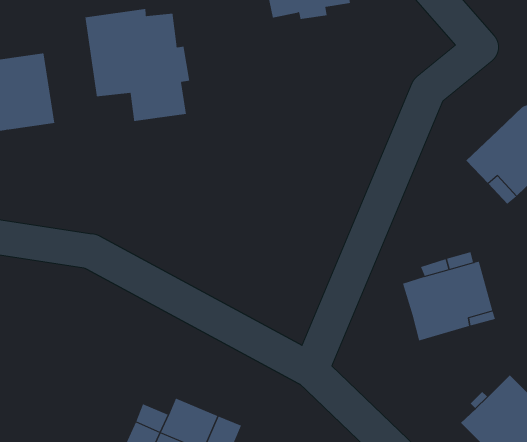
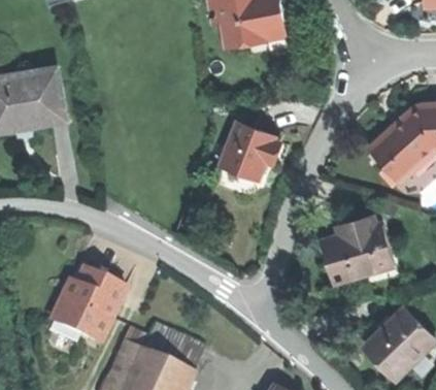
building: [85,8,190,122] -> none
building: none -> [221,122,278,180]
building: none -> [55,268,127,345]

